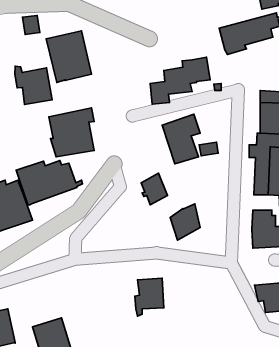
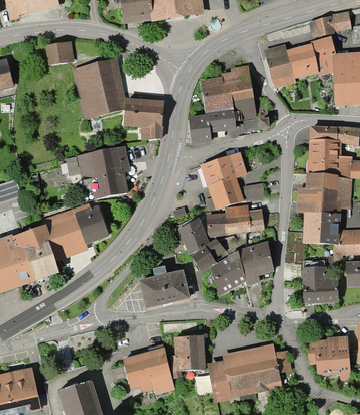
building: none -> [200,66,251,105]
building: [15,66,52,104] -> none
building: none -> [123,100,163,140]
building: none -> [206,213,263,233]
building: none -> [191,240,224,269]
building: none -> [238,243,273,285]
building: none -> [139,266,188,307]
building: none -> [123,345,173,393]
building: none -> [209,351,290,400]

